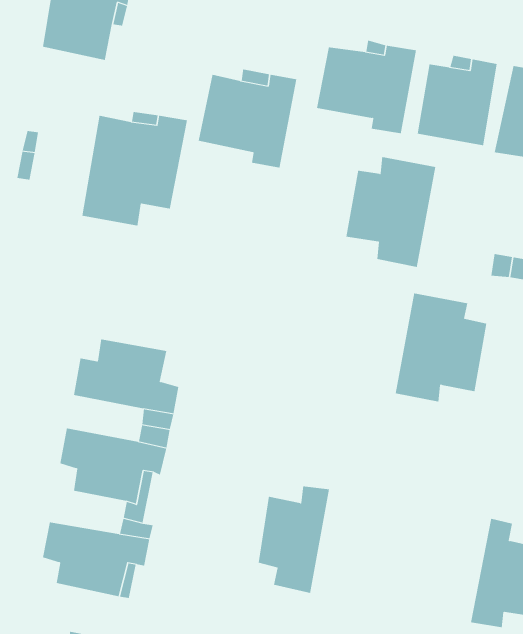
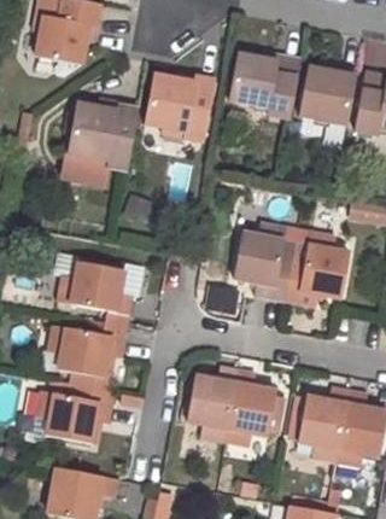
building: [346,157,436,268] -> [234,222,298,301]
building: none -> [226,368,275,447]
building: none -> [298,385,352,462]

